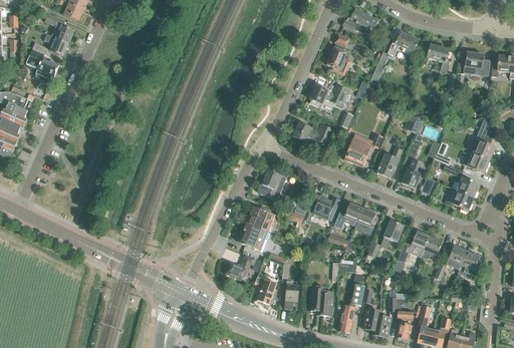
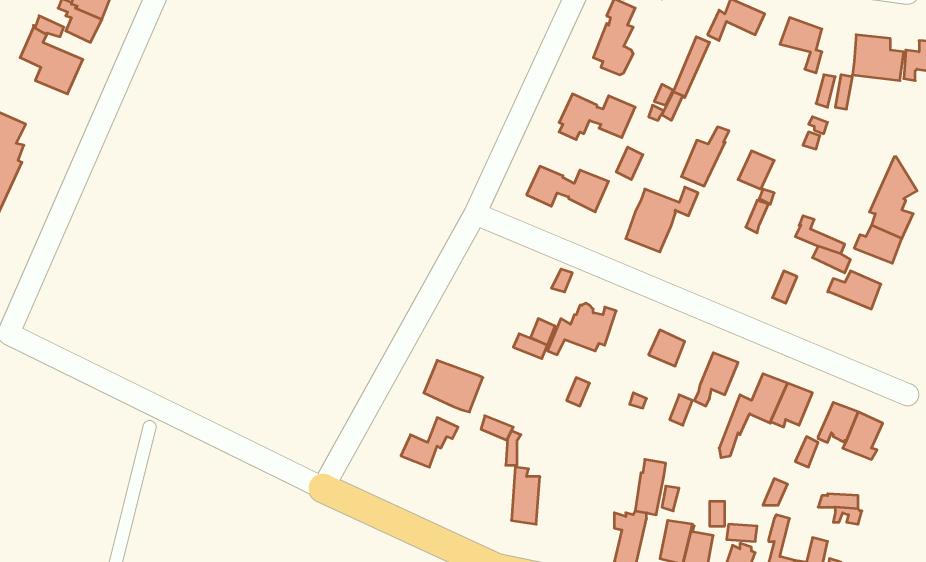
building: [376,146,402,178] -> [681,127,729,186]
building: [401,158,424,188] -> none
building: [258,169,287,201] -> none
building: [445,188,474,212] -> none
building: [334,203,362,228] -> none
building: [245,206,277,232] -> none
building: [255,276,280,304] -> none
building: [308,286,333,316] -> none

